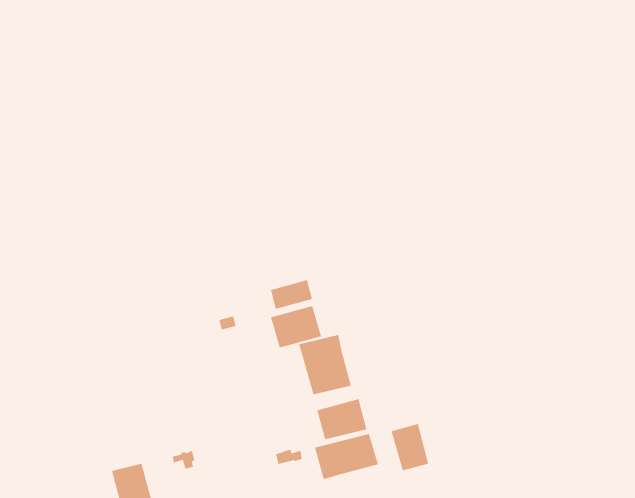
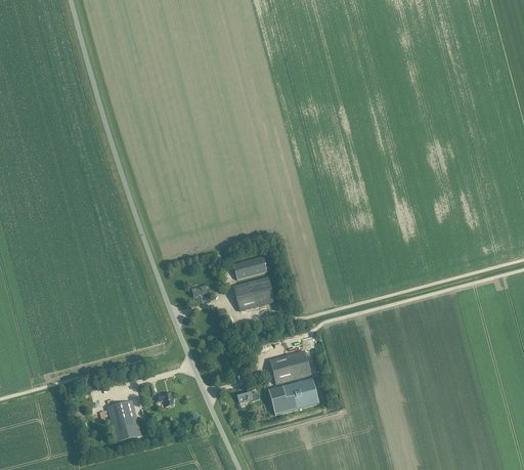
building: [299,334,351,395] -> none
building: [391,423,429,471] -> none

